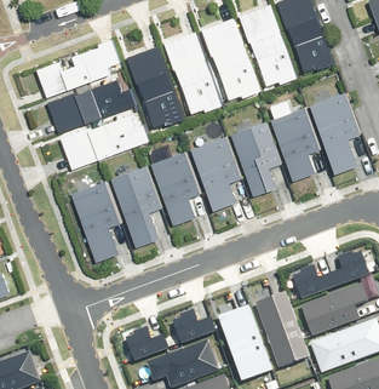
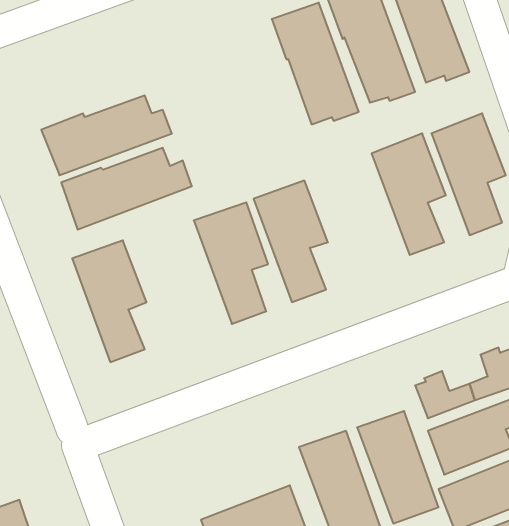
building: [163,32,220,113] -> none
building: [35,39,117,97] -> none
building: [125,46,183,127] -> none
building: [228,119,277,200] -> none
building: [108,164,157,246] -> none
building: [177,307,217,342] -> none
building: [128,324,170,359] -> none

